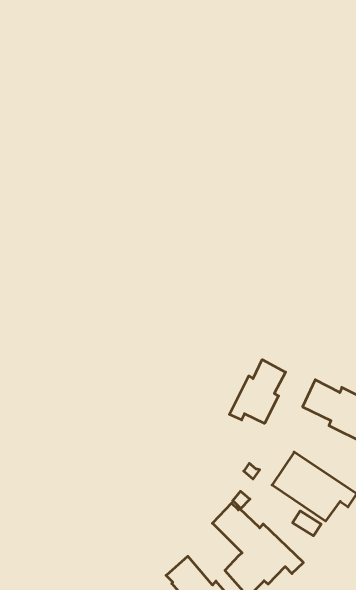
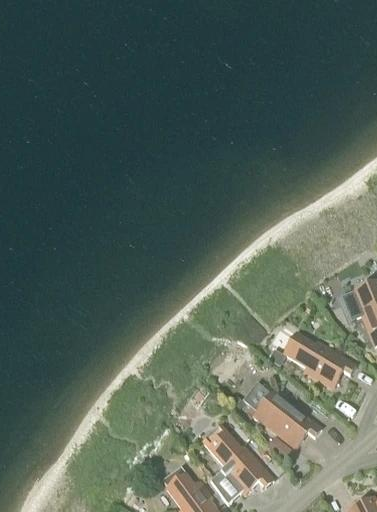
building: [229,360,286,423] -> none

